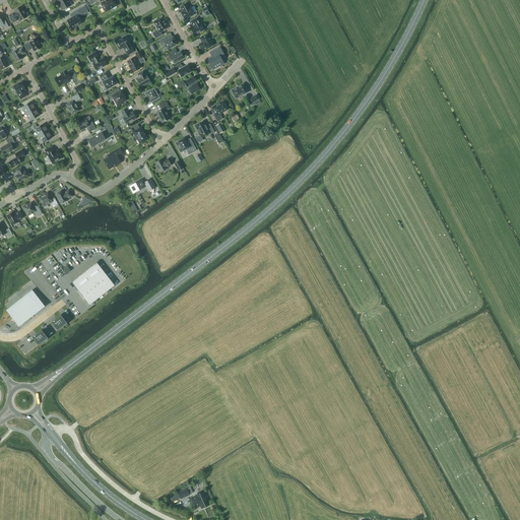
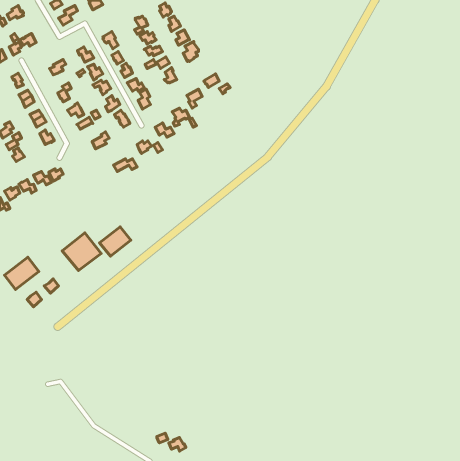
building: none -> [100,227,131,256]

